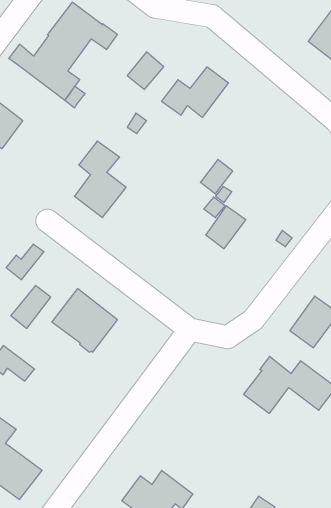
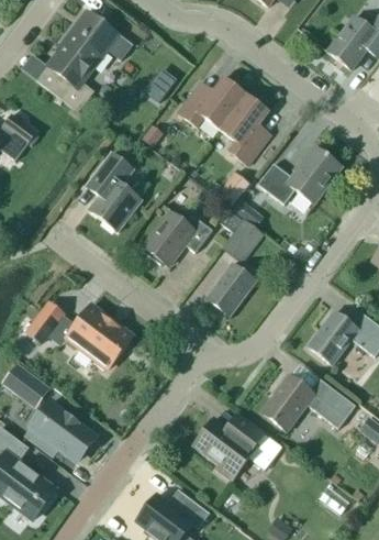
building: none -> [220,93,269,165]
building: none -> [258,146,343,203]
building: none -> [144,211,213,266]
building: [6,244,44,280] -> none
building: none -> [205,263,256,316]
building: none -> [31,401,96,461]
building: none -> [193,418,282,481]

